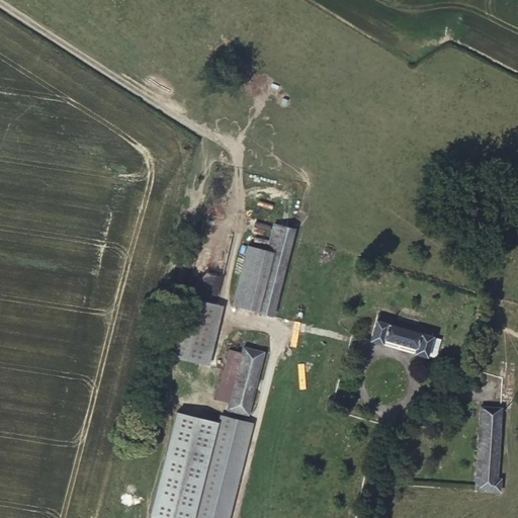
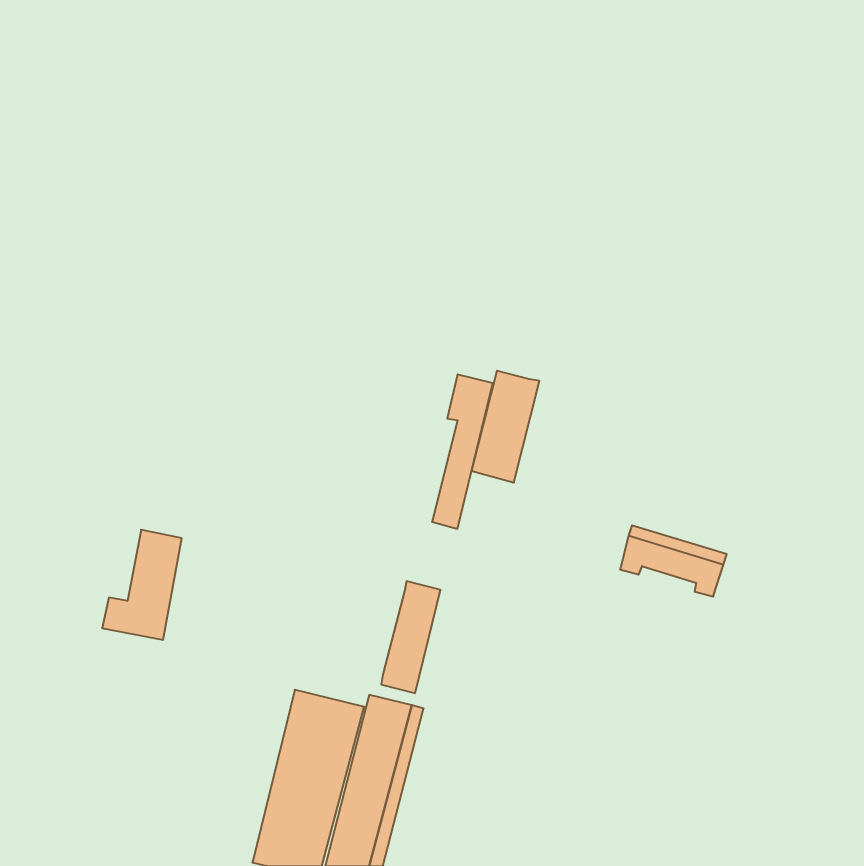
building: [234,245,274,312] -> [472,371,539,483]
building: [175,304,223,369] -> [102,530,182,640]
building: [217,349,243,403] -> none
building: [477,407,502,492] -> none

